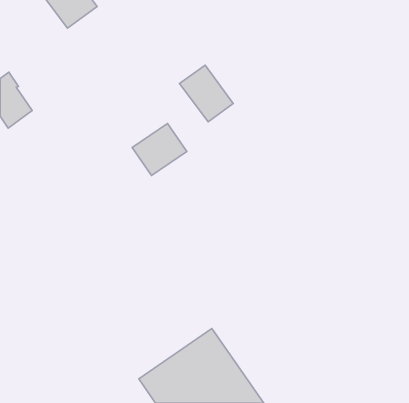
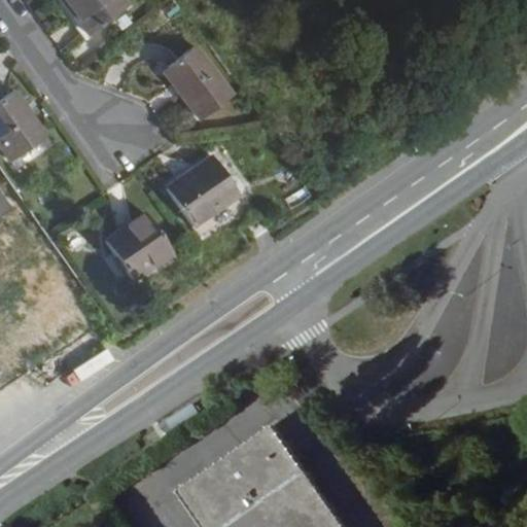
building: [179,65,233,122] -> [160,51,229,125]
building: none -> [109,215,175,281]

